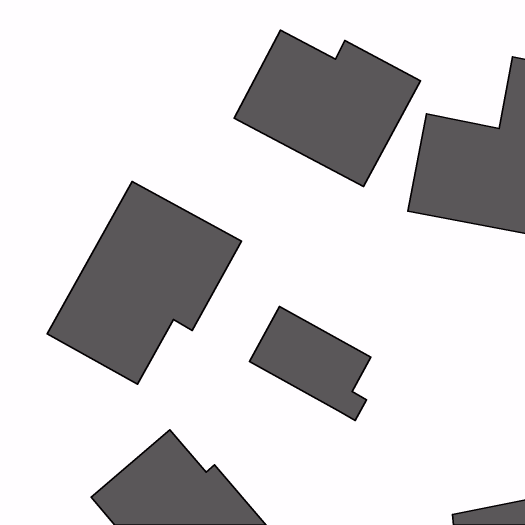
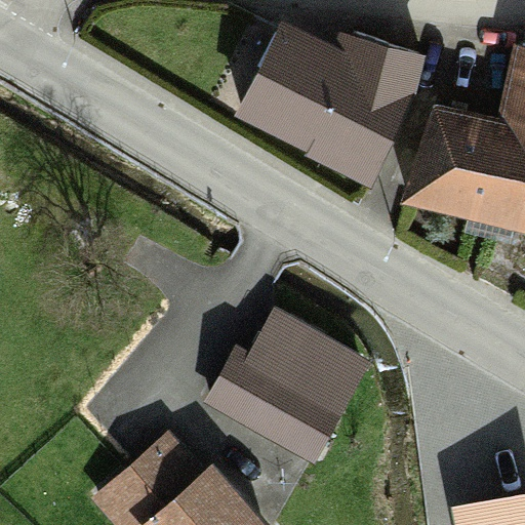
building: [47,181,242,384] -> none
building: none -> [205,349,341,461]

